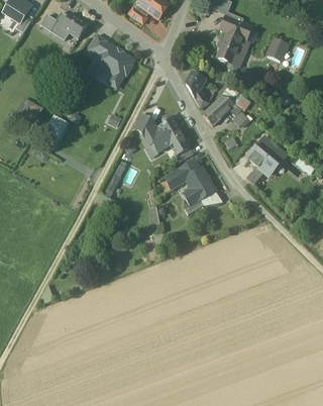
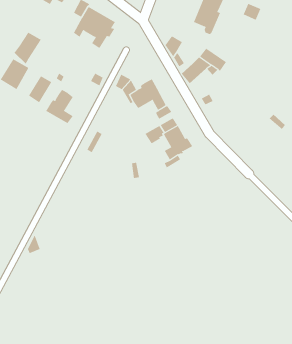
building: none -> [14,32,41,65]
building: none -> [45,89,73,124]
building: [246,140,285,174] -> none

